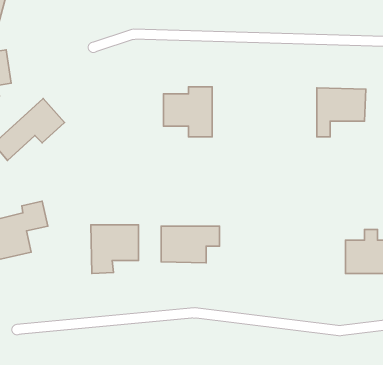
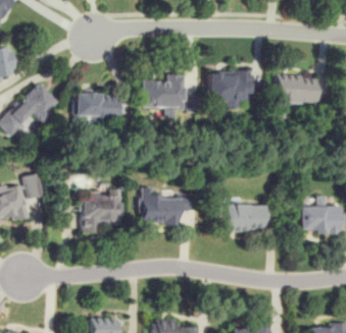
building: none -> [209,70,252,105]
building: none -> [77,94,120,124]
building: none -> [226,205,266,231]

